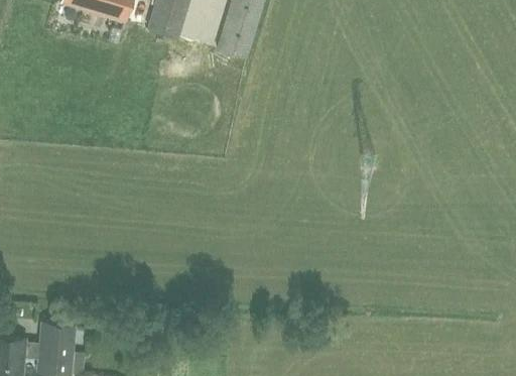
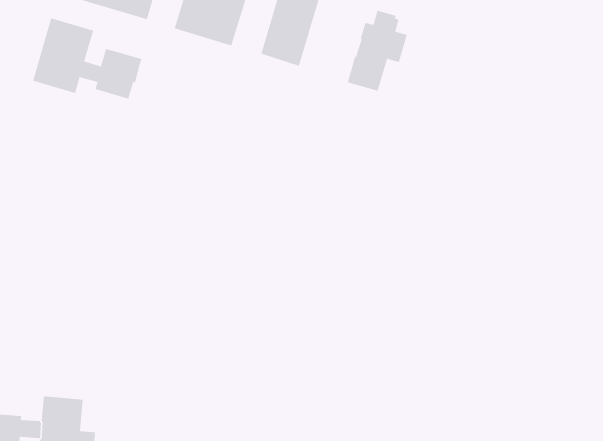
building: none -> [347,10,407,92]
building: none -> [32,17,142,100]

